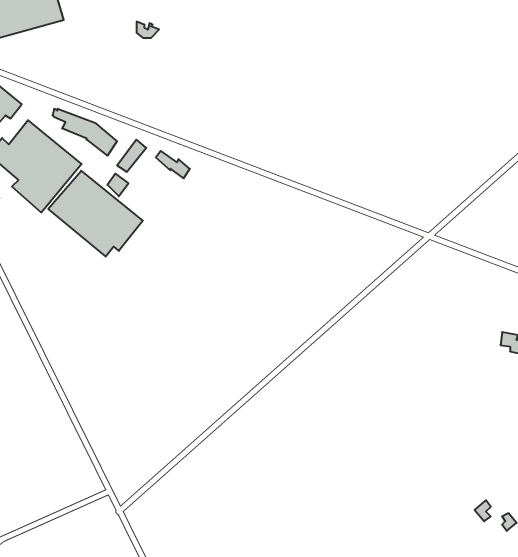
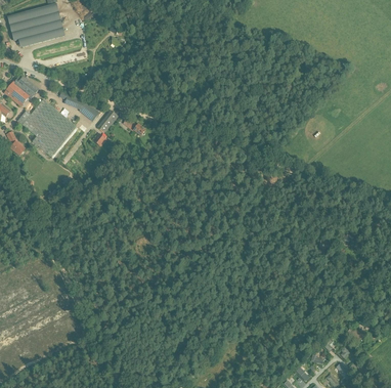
building: [48,171,143,257] -> none

